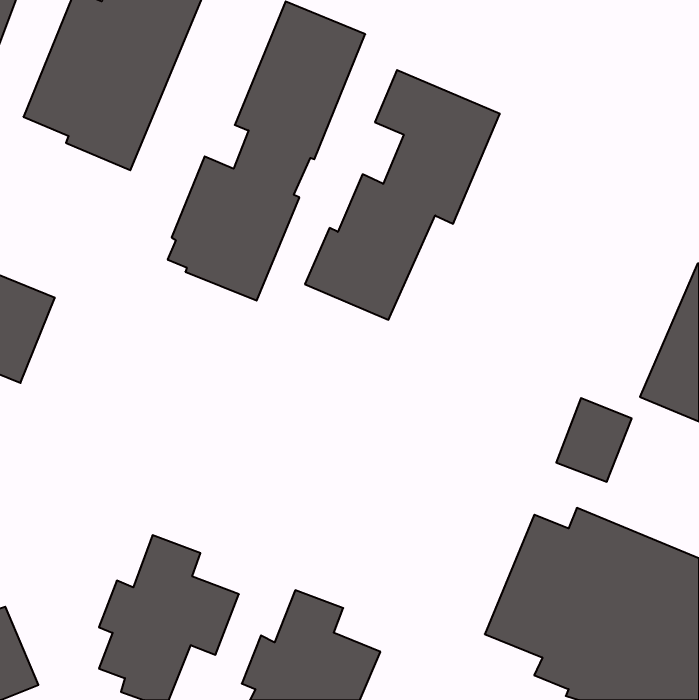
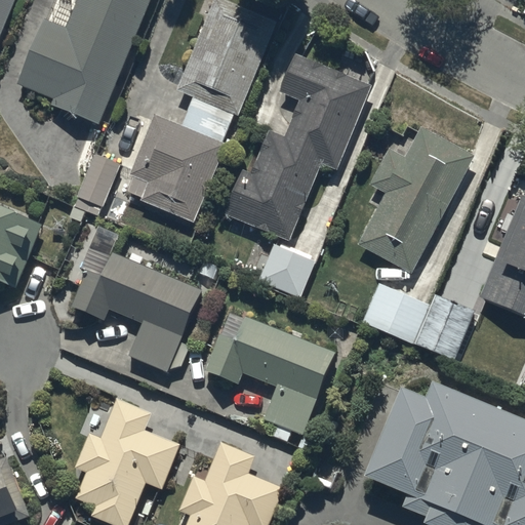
building: none -> [359,127,477,274]
building: none -> [68,156,119,225]
building: none -> [71,225,201,371]
building: none -> [258,247,314,299]
building: none -> [361,286,428,347]
building: none -> [204,310,333,451]

